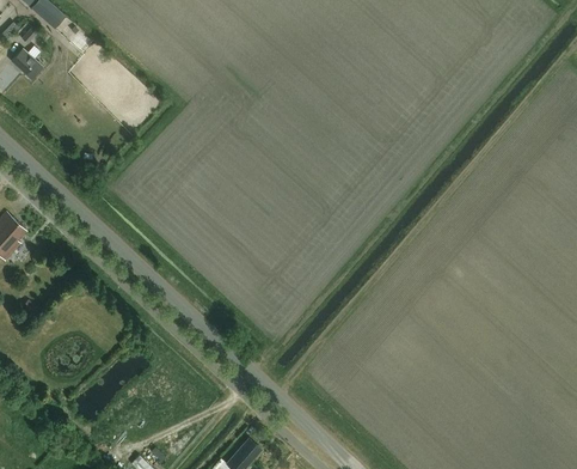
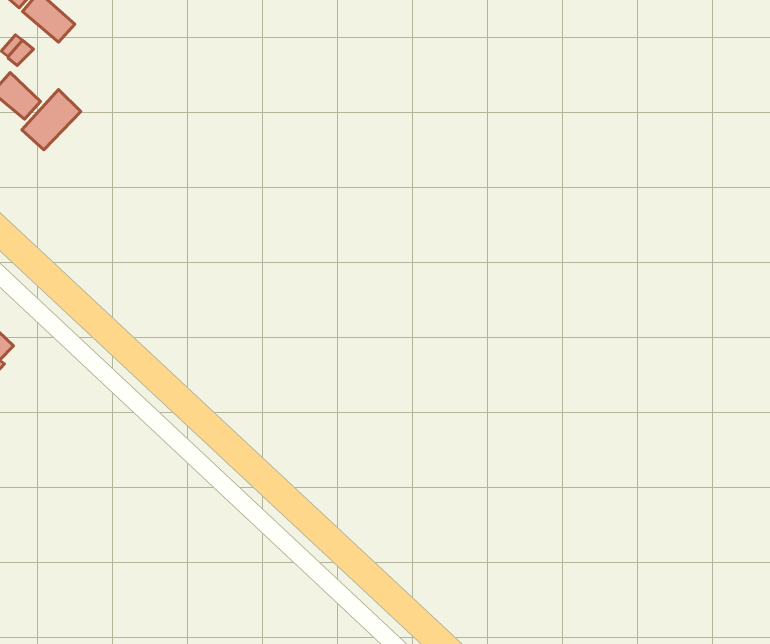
building: none -> [22,89,81,150]

